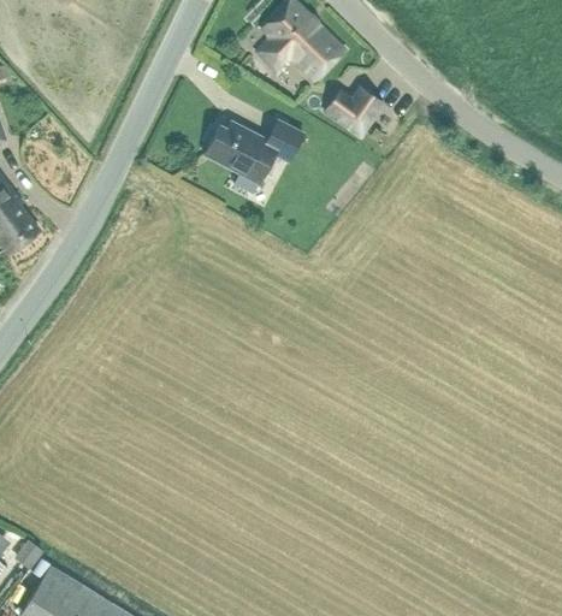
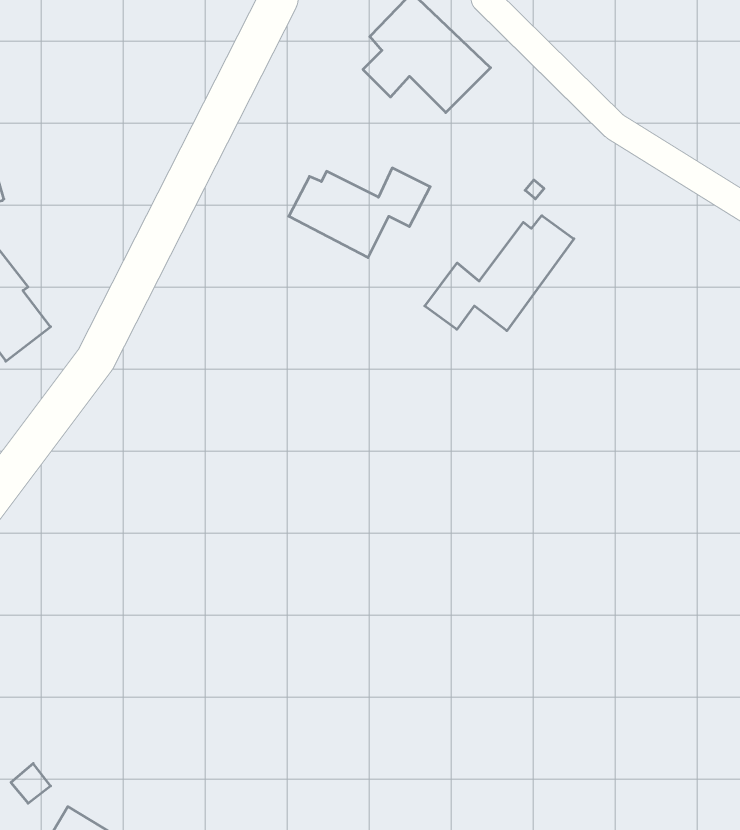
building: [329,91,381,132] -> none
building: none -> [425,216,574,331]

